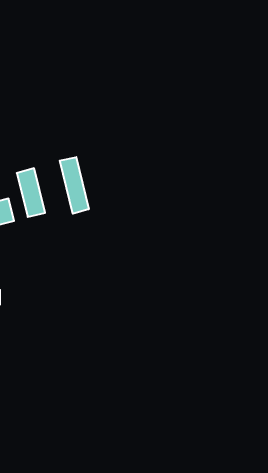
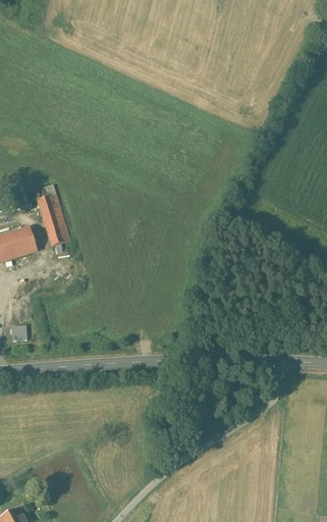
building: [60,157,89,214] -> none

